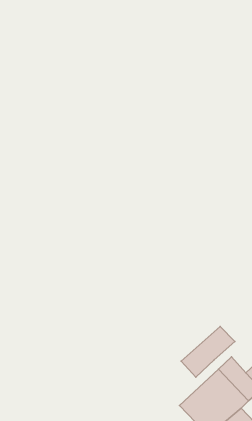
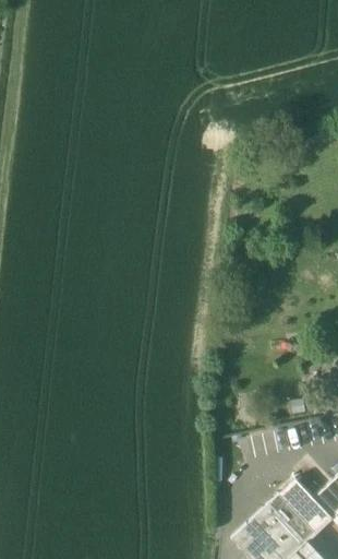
building: [181,326,235,377] -> none

